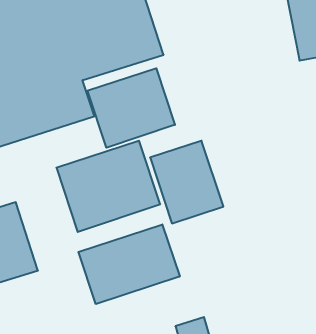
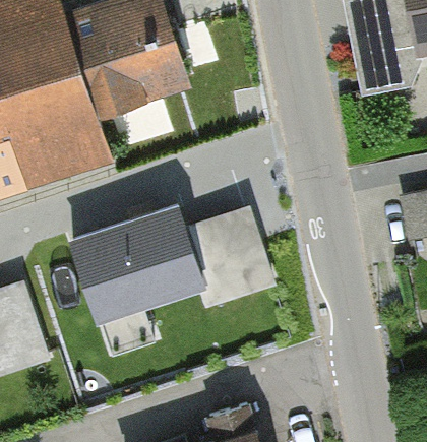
building: [87,68,175,148] -> none
building: [78,224,180,304] -> none

